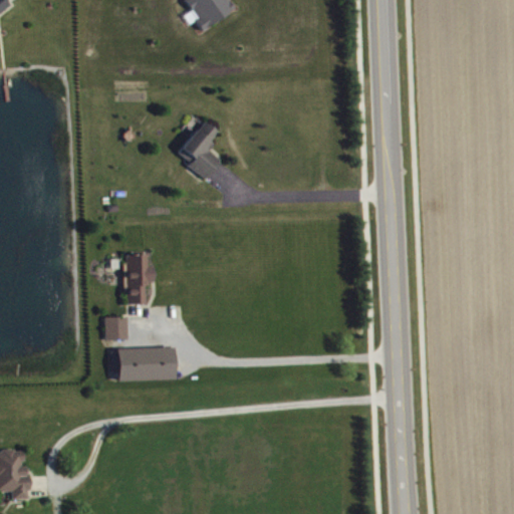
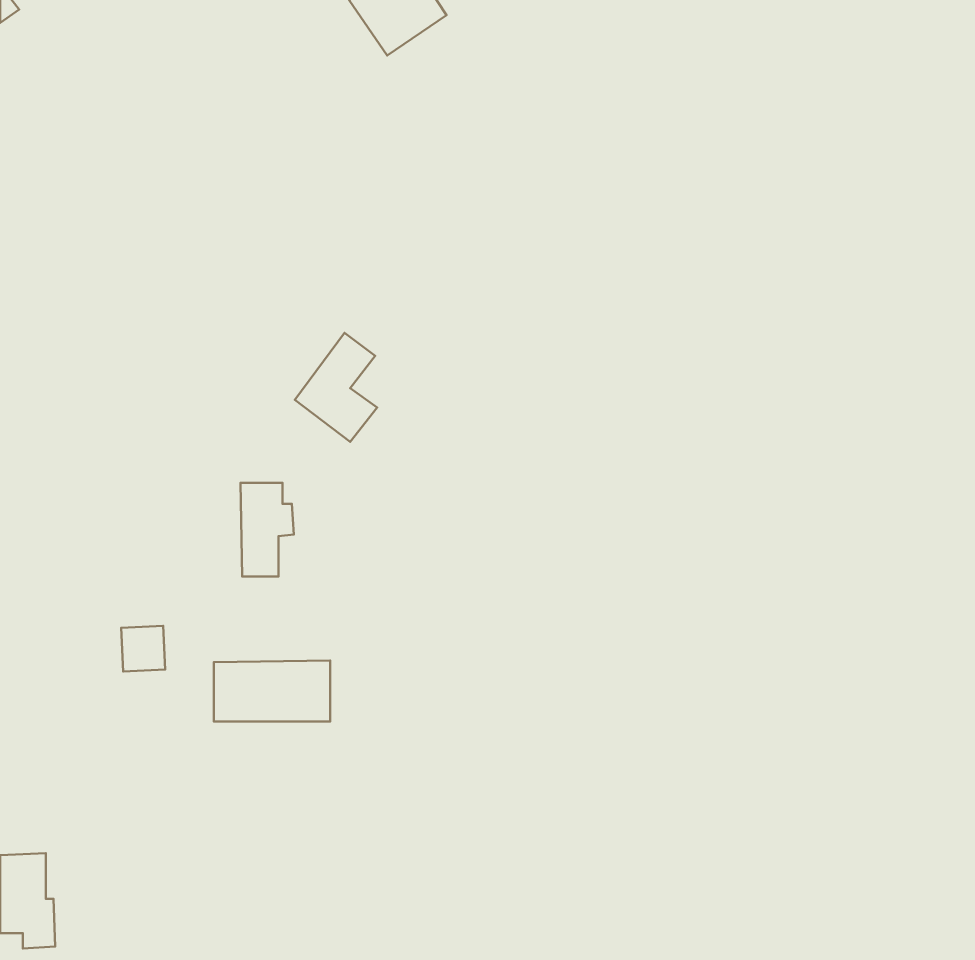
building: [177,119,220,177] -> [295,333,377,442]
building: [105,316,128,340] -> [121,626,165,672]

